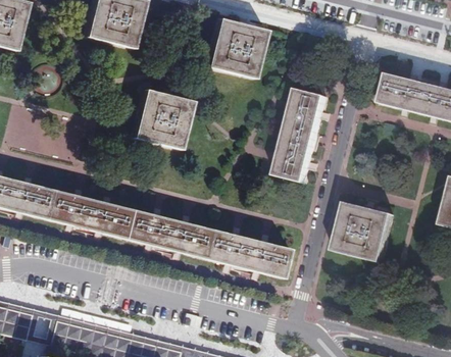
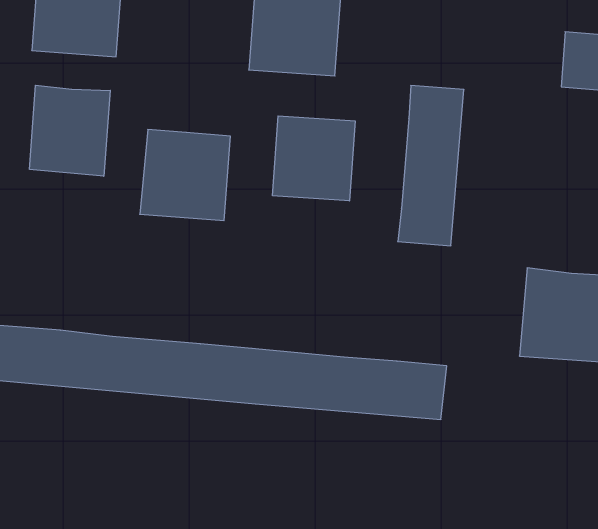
building: none -> [30,85,110,176]
building: none -> [273,116,355,201]

